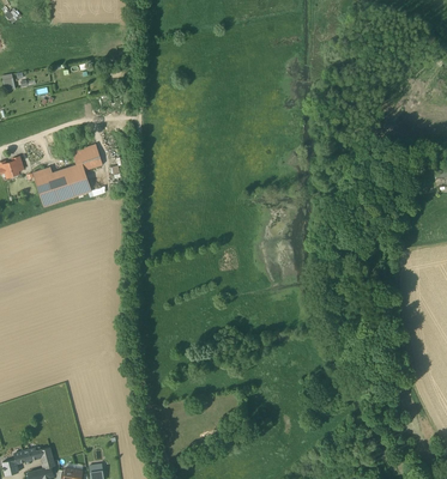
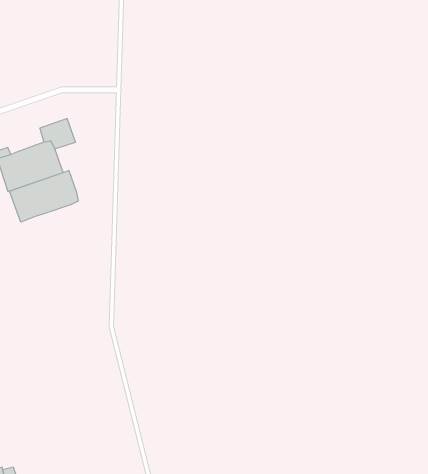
building: none -> [9,170,78,222]

